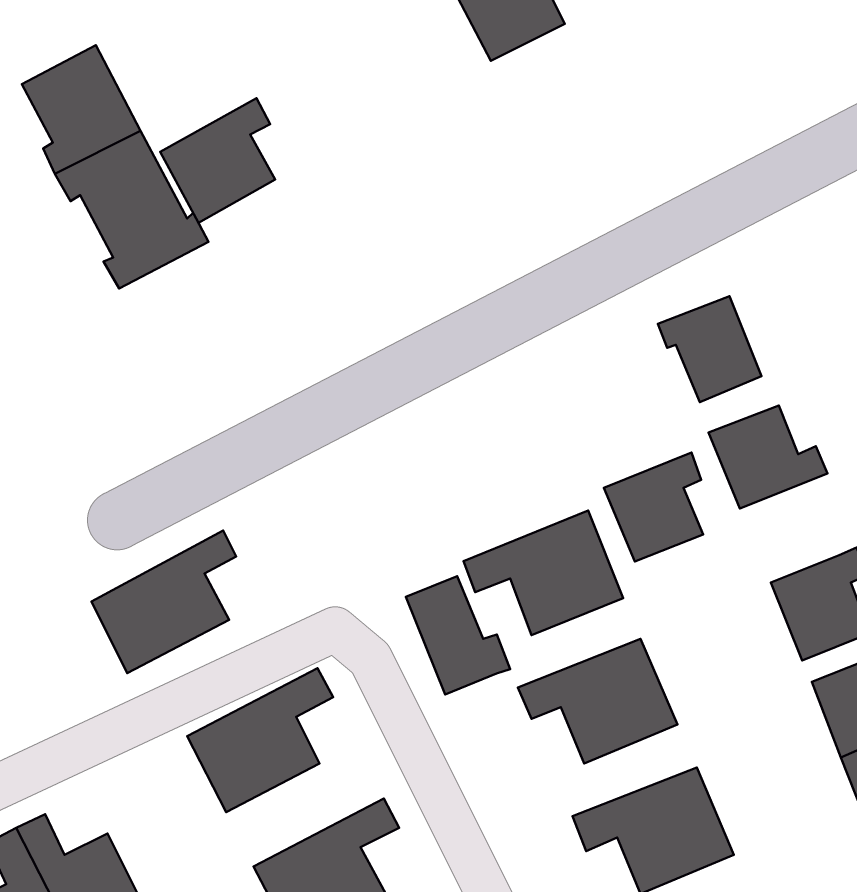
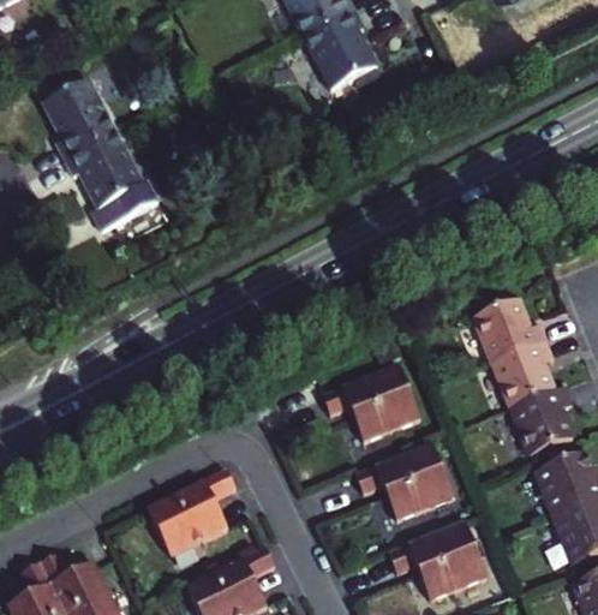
building: [160,98,275,223] -> none
building: [658,296,761,402] -> none
building: [604,453,703,562] -> [490,342,551,410]
building: [91,530,236,673] -> none
building: [406,576,510,694] -> none

